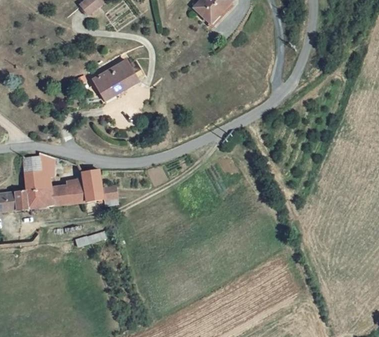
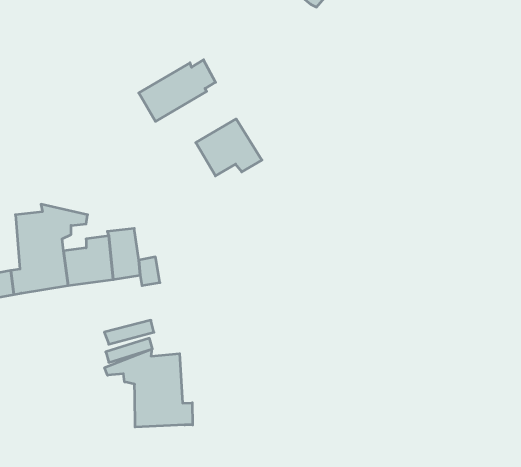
building: none -> [196,119,262,176]
building: none -> [105,349,193,427]

